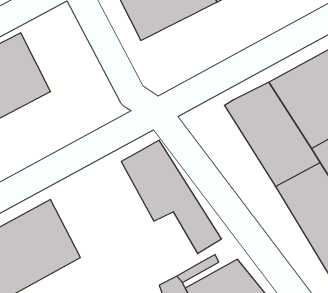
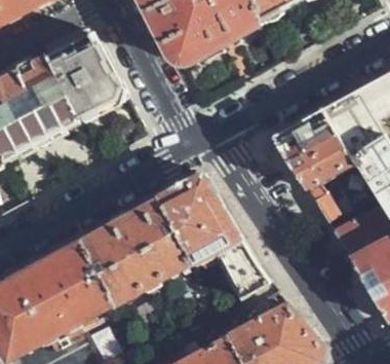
building: none -> [47,32,122,119]
building: none -> [80,196,194,304]

